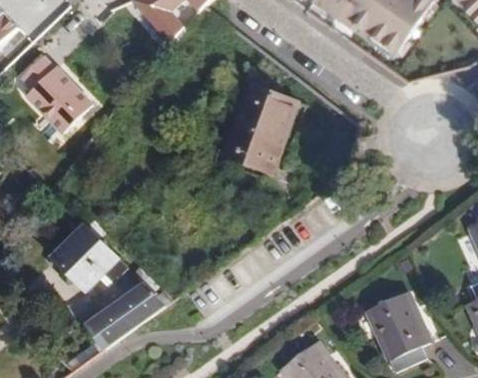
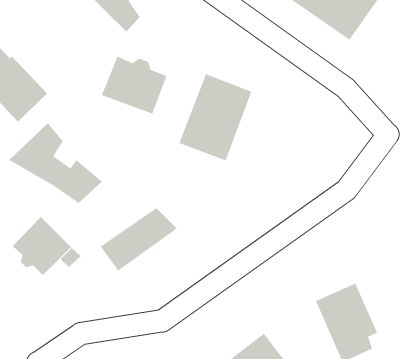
building: none -> [101,56,167,115]
building: none -> [8,123,103,204]
building: [88,285,166,349] -> [100,208,178,271]

